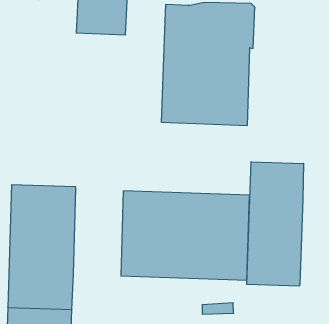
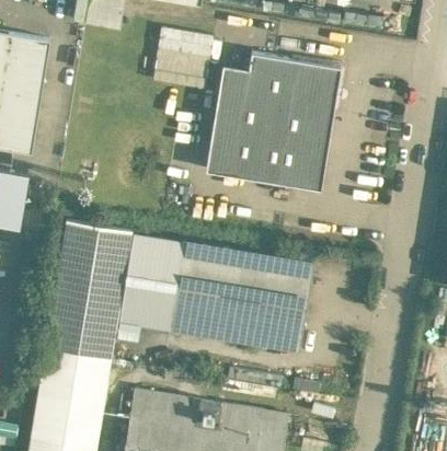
building: none -> [206,67,249,176]
building: [247,162,304,286] -> none
building: none -> [118,234,182,332]

